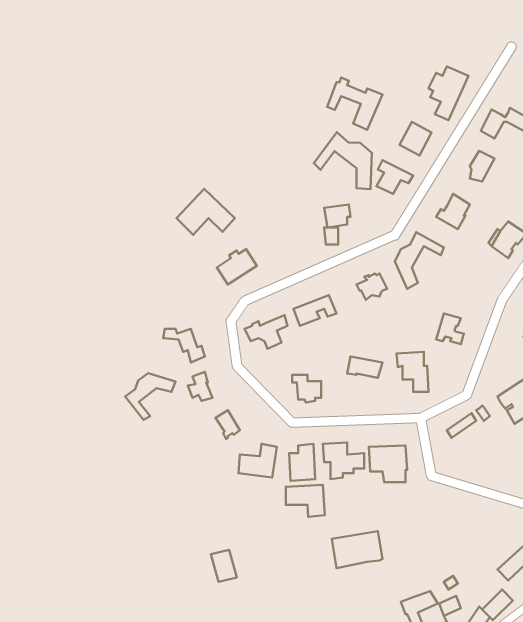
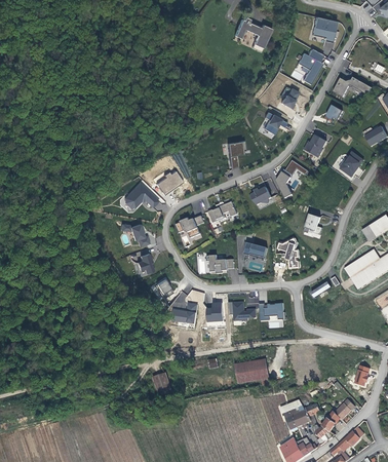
building: none -> [311,16,337,47]
building: [327,78,382,130] -> [237,16,274,51]
building: [314,132,372,189] -> none
building: [176,189,235,235] -> [122,180,161,210]
building: [125,373,176,420] -> none
building: [286,485,325,517] -> none

